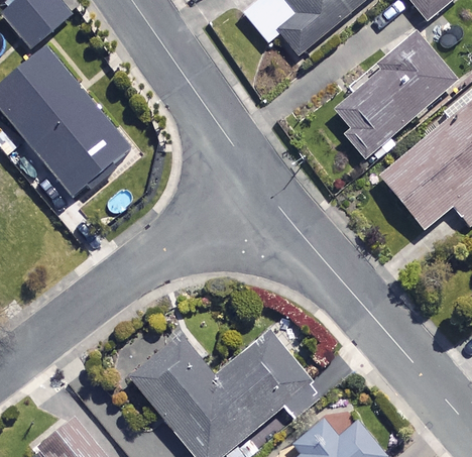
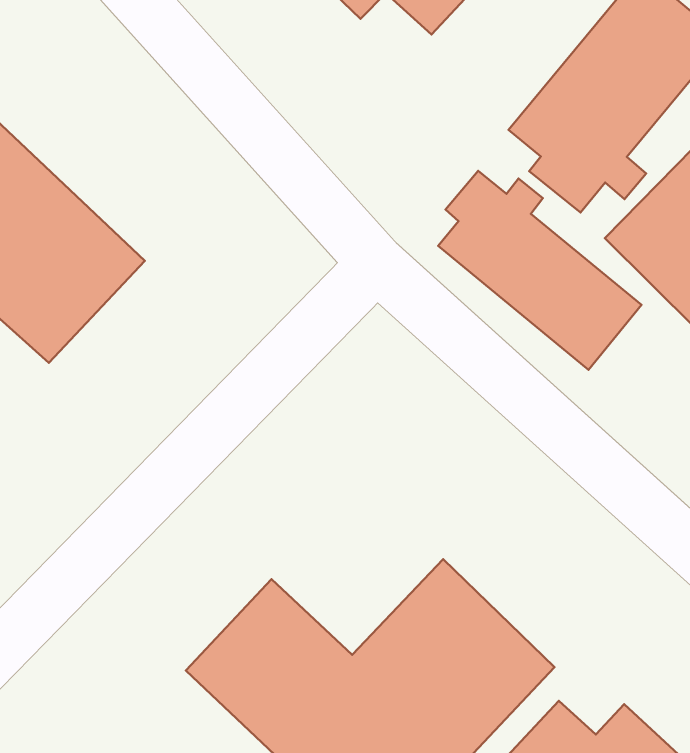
building: none -> [438,171,642,370]

